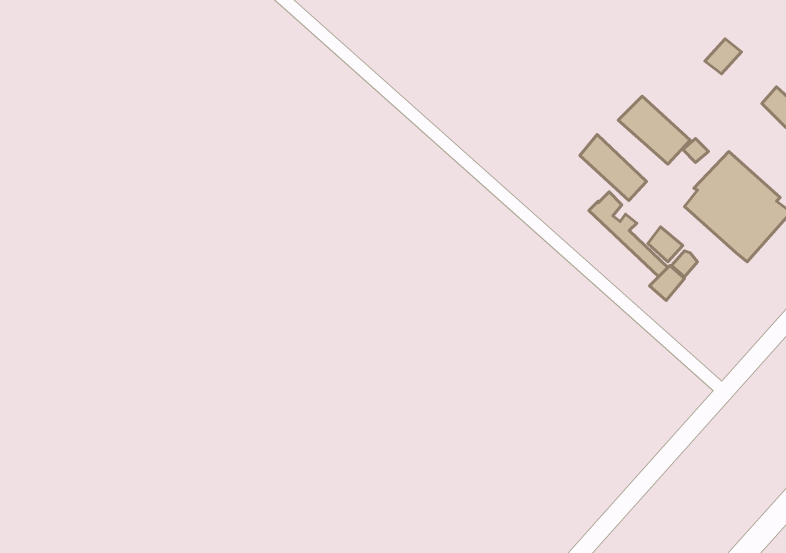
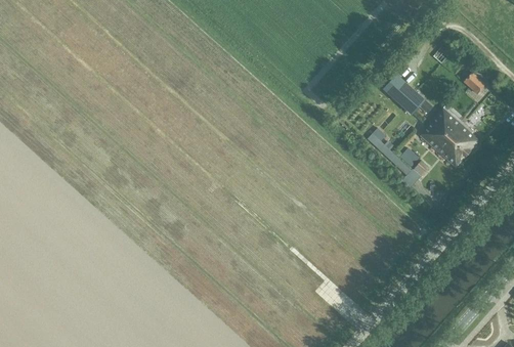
building: [580,135,647,201] -> none

